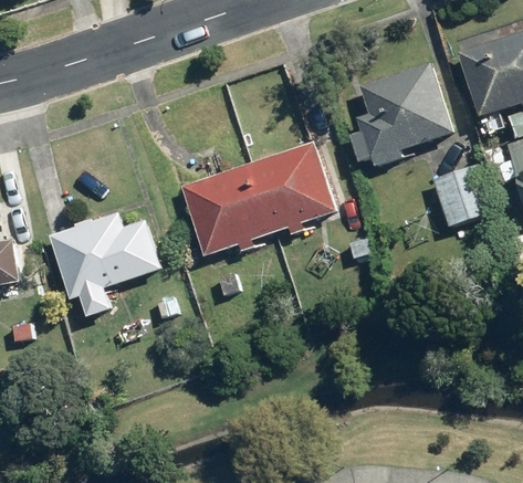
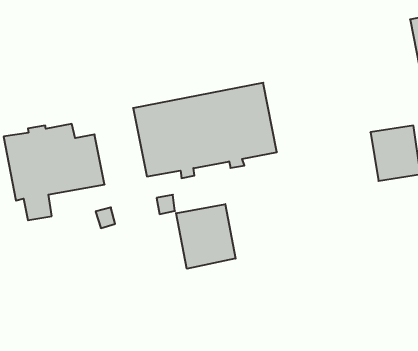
building: [355,61,454,167] -> none
building: none -> [176,204,236,269]

